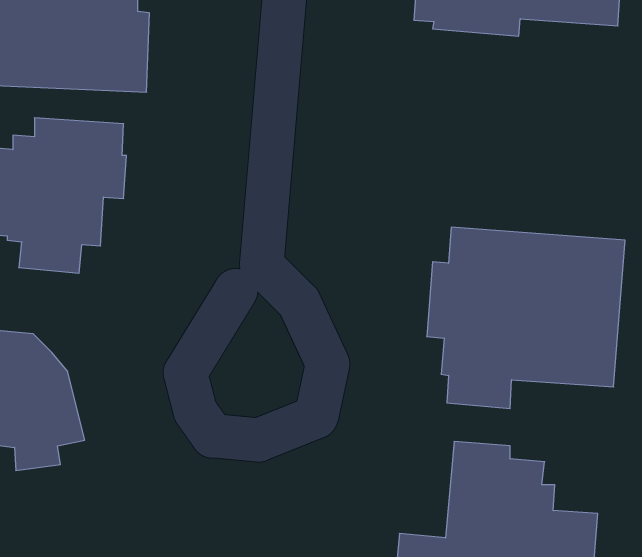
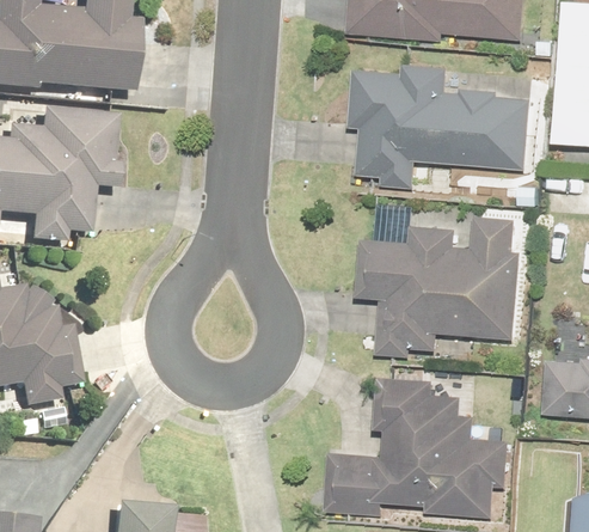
building: none -> [351,65,534,183]

